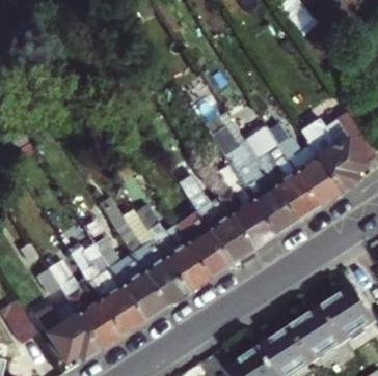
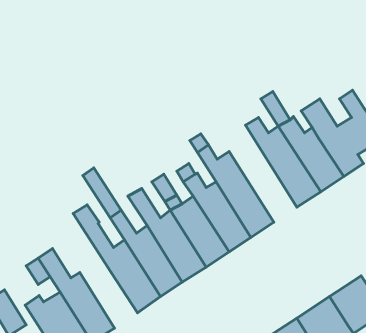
building: [206,123,292,234] -> none
building: [66,245,140,335] -> none

